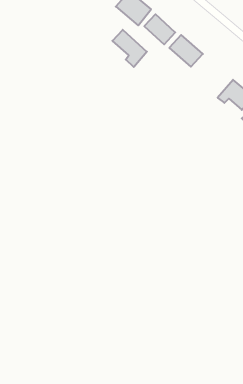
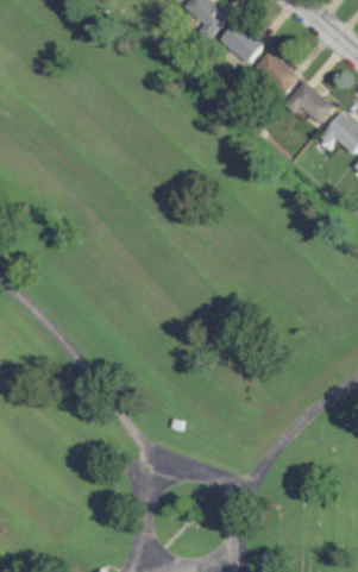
building: [112,30,147,67] -> none
building: none -> [283,80,335,124]

